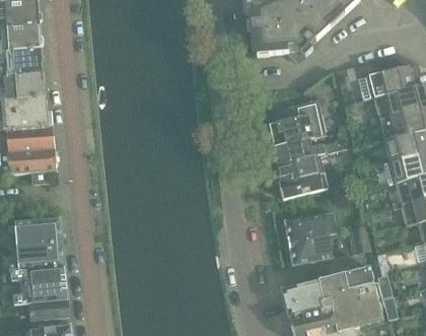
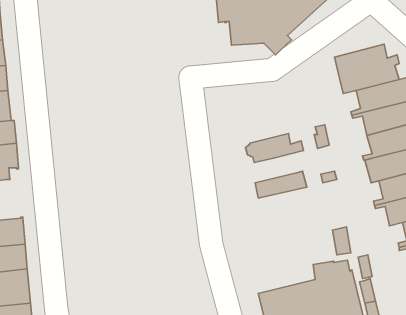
building: [269,99,326,147] -> none
building: [272,153,332,185] -> none
building: [284,212,336,265] -> none

